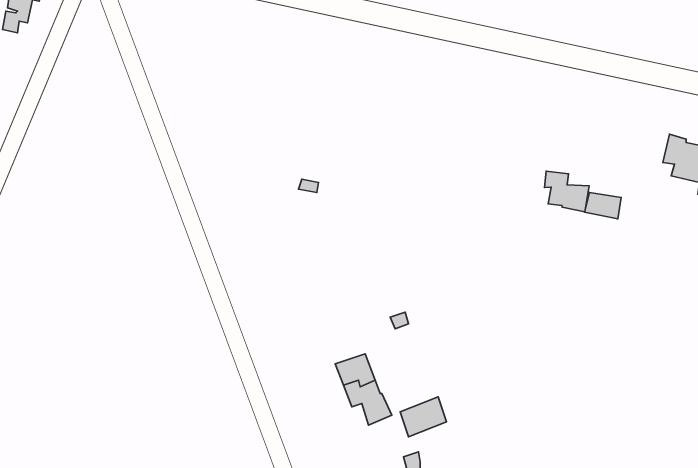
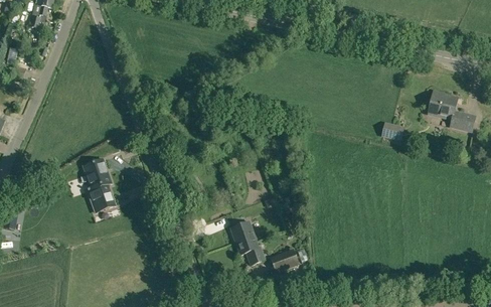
building: [545,171,589,212] -> none
building: none -> [85,159,113,212]

